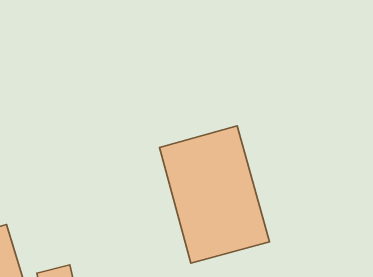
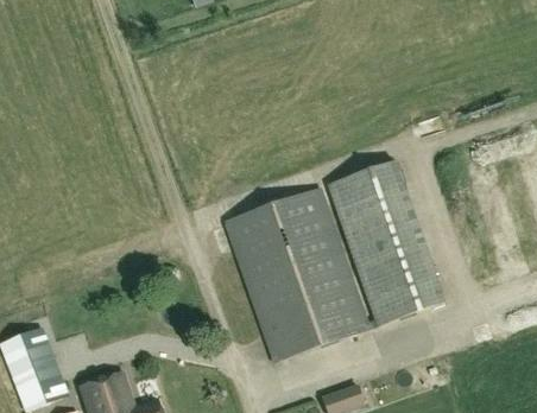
building: none -> [324,161,441,328]

